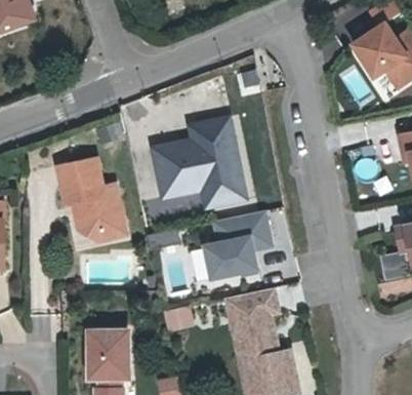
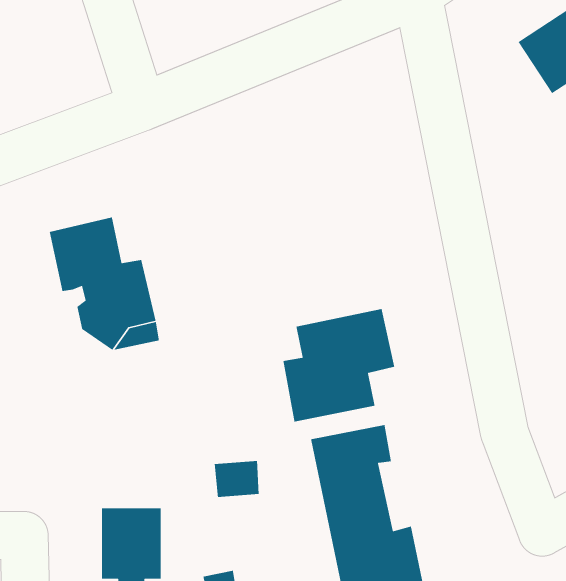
building: [148,115,241,204] -> none

